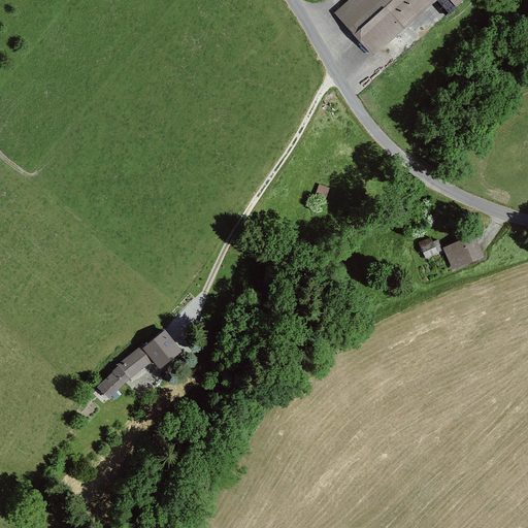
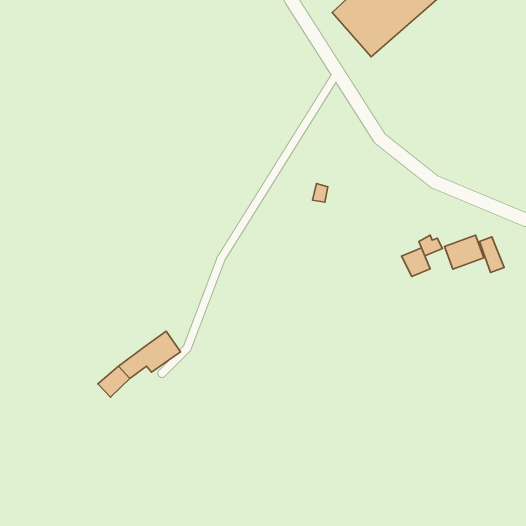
building: none -> [479,237,504,272]
building: none -> [402,248,430,277]

